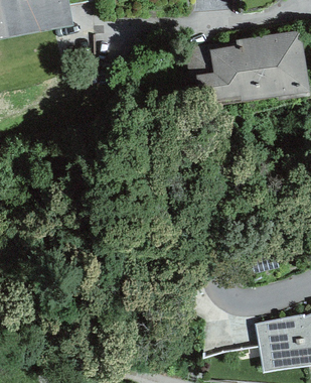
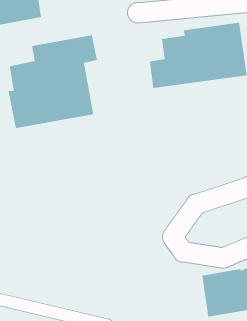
building: none -> [8,35,97,129]

